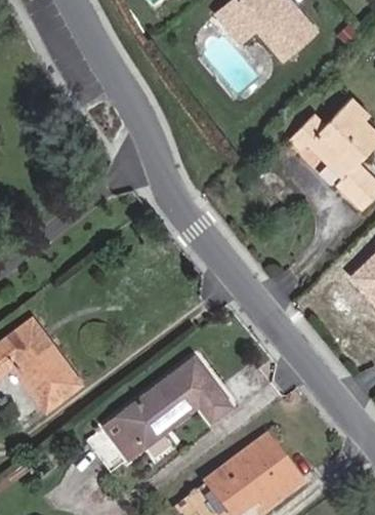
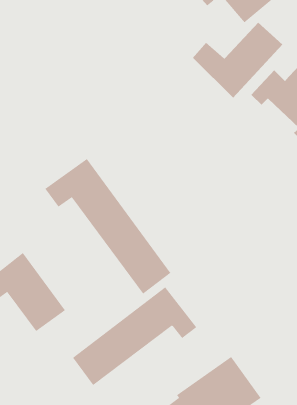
building: none -> [192,22,283,98]
building: none -> [44,158,171,294]

